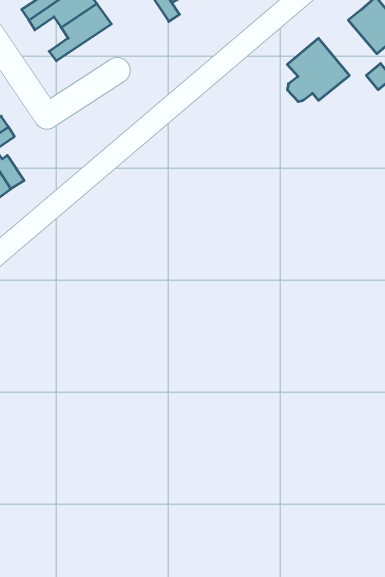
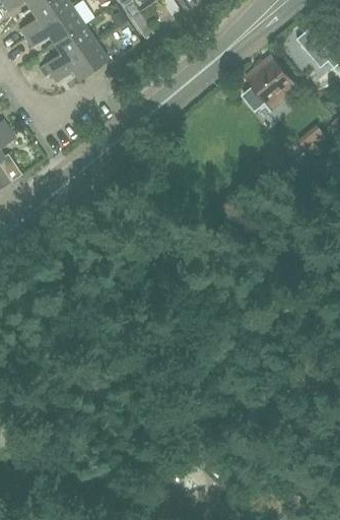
building: none -> [50,42,108,82]

